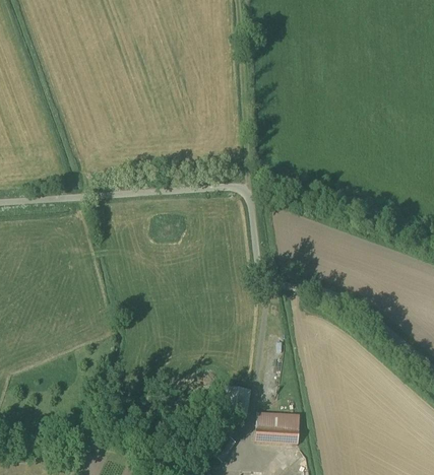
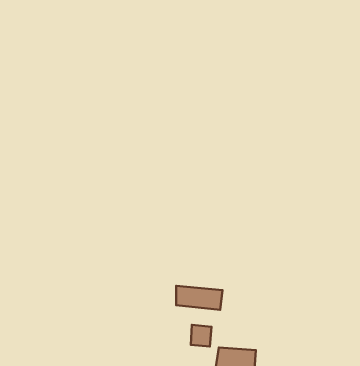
building: none -> [176,286,223,310]

